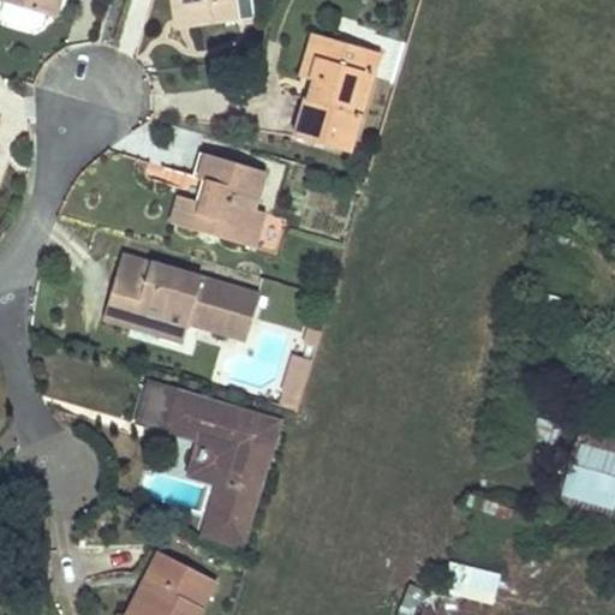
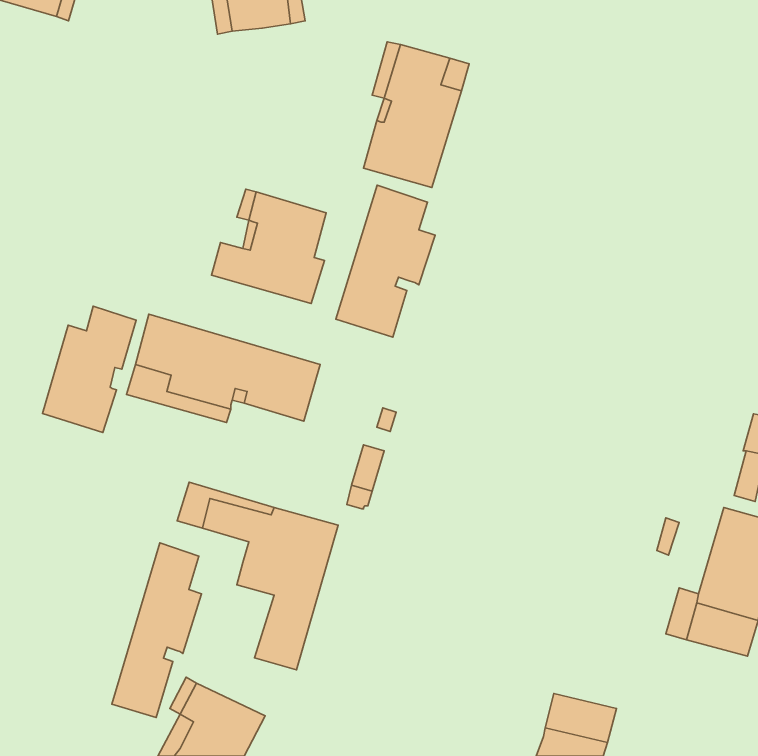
building: none -> [336,185,435,337]
building: none -> [42,306,136,433]
building: none -> [112,543,202,718]

